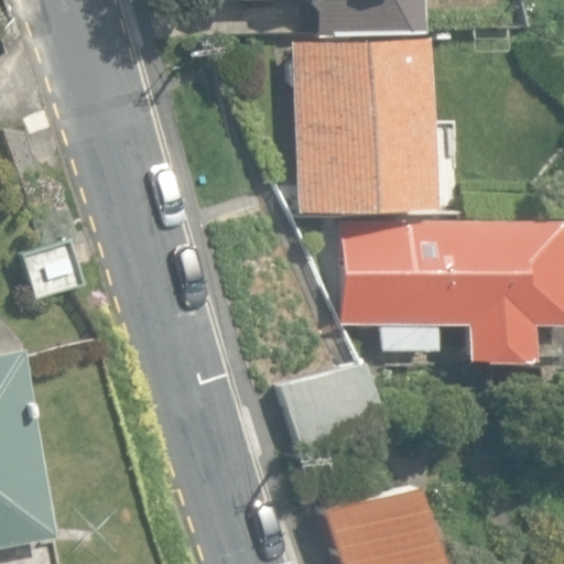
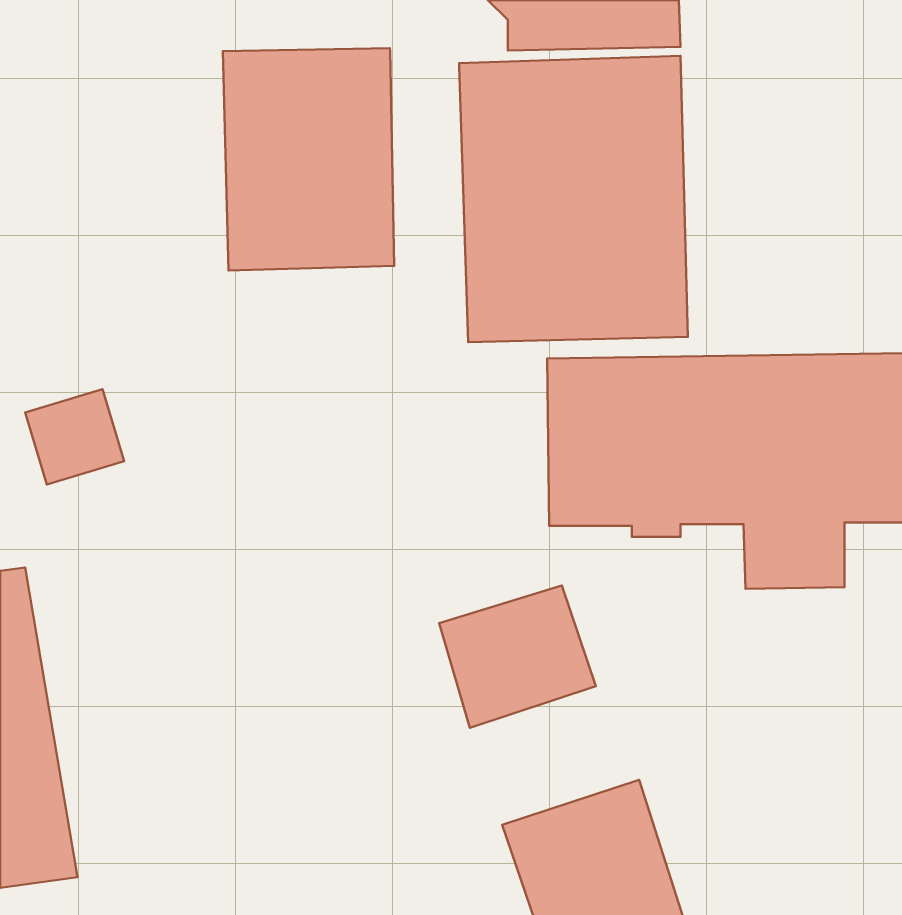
building: none -> [223,48,394,270]

